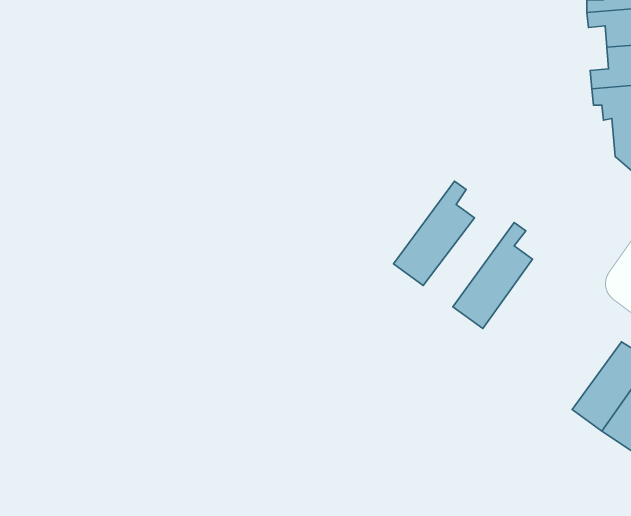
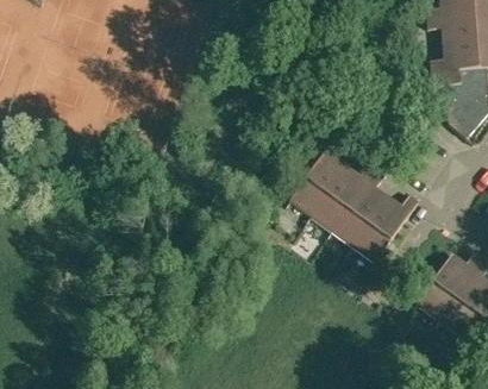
building: none -> [309,164,375,230]
building: none -> [352,194,418,261]

